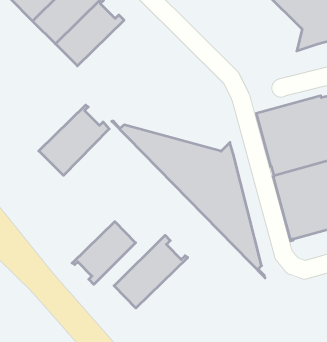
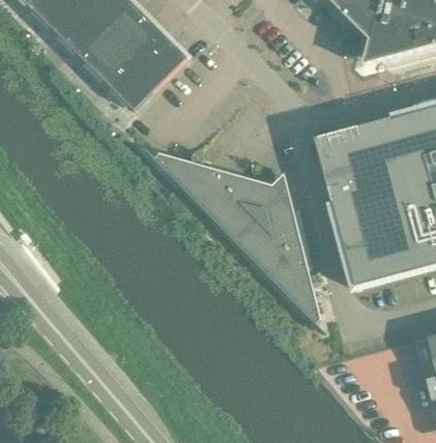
building: [39,105,109,175] -> [105,28,187,111]
building: [72,222,136,284] -> none
building: [114,235,188,308] -> none

